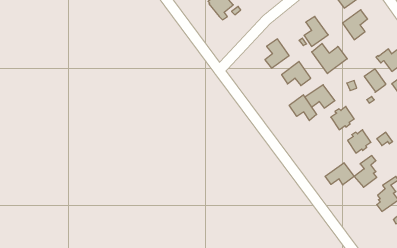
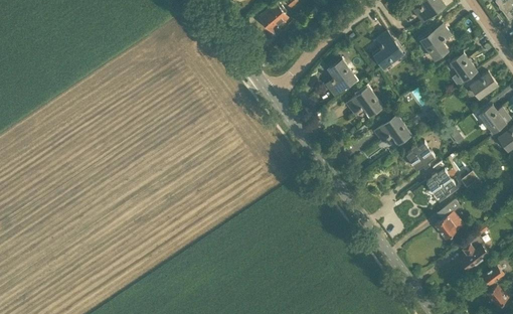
building: [312,43,347,74] -> none
building: [364,69,386,92] -> [451,53,477,82]
building: [289,95,317,121] -> none
building: [325,163,354,185] -> none

